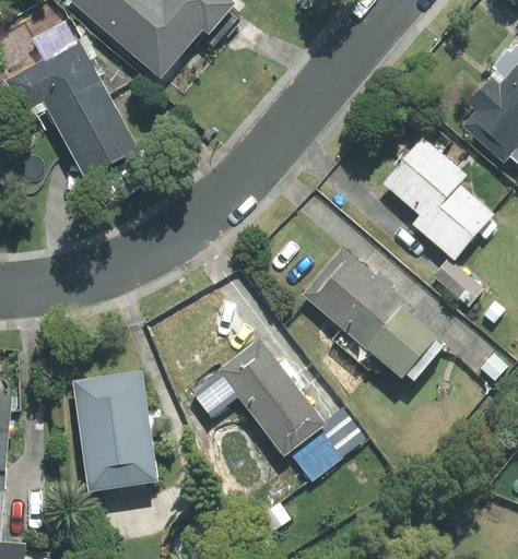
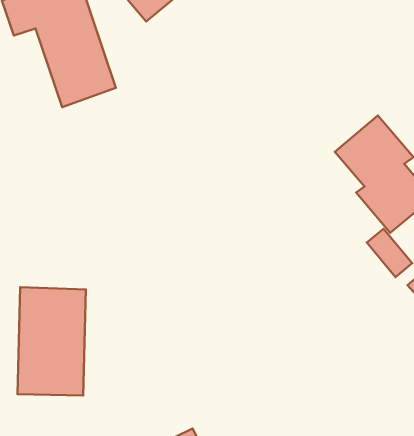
building: [302,247,438,380] -> none
building: [217,336,343,479] -> none

